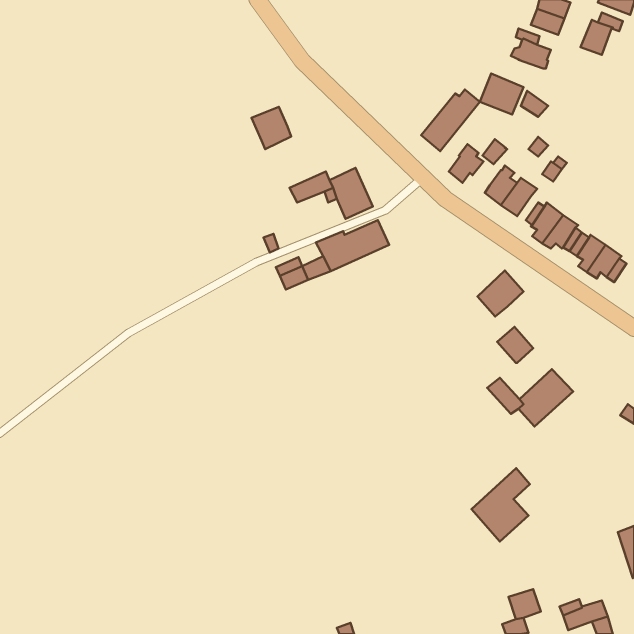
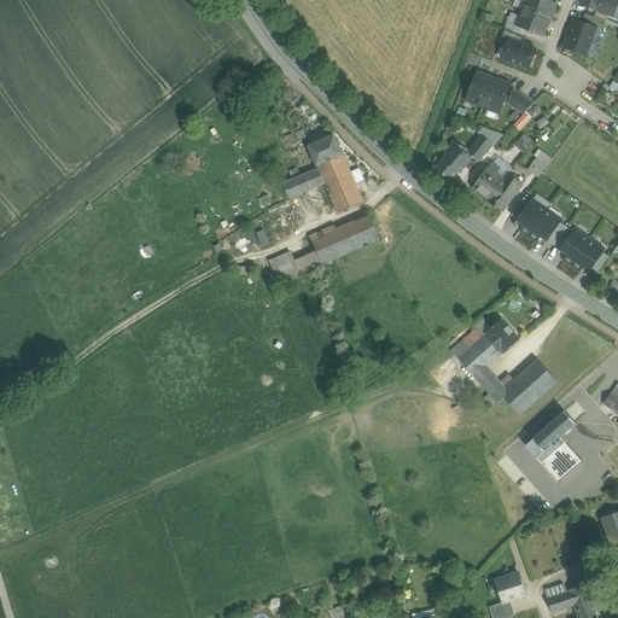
building: [421,90,480,151] -> none
building: [251,107,291,149] -> [307,134,345,175]
building: [478,270,524,316] -> [456,332,501,377]
building: [471,468,530,541] -> [527,403,584,474]

